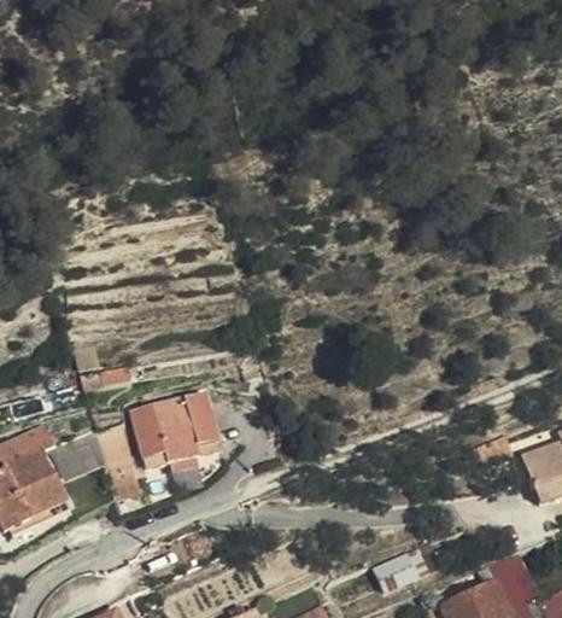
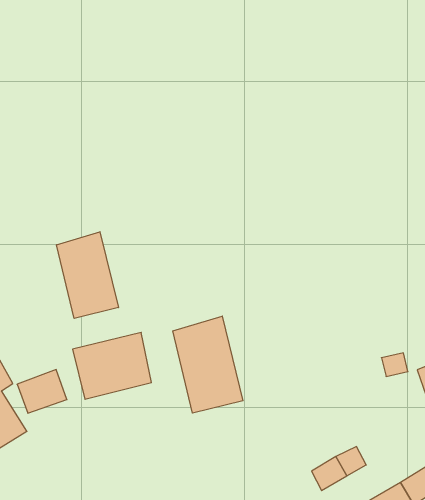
building: none -> [57,232,118,318]
building: none -> [173,316,243,413]

